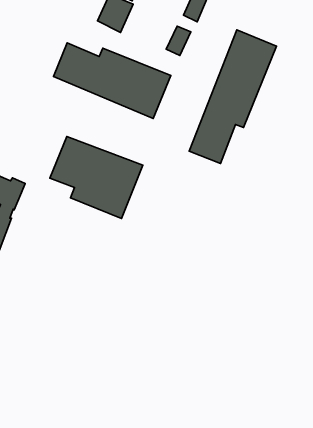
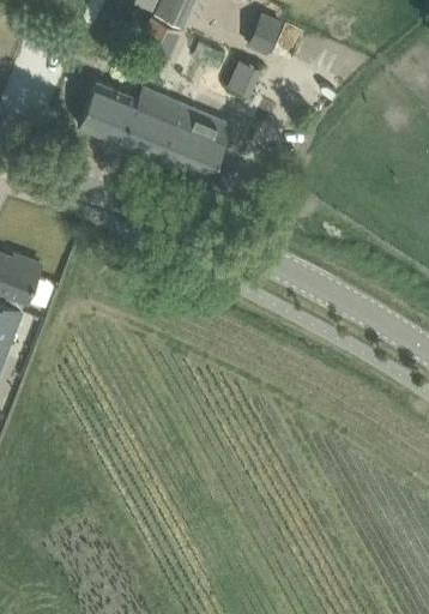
building: [189,30,276,164] -> none
building: [50,137,143,218] -> none

